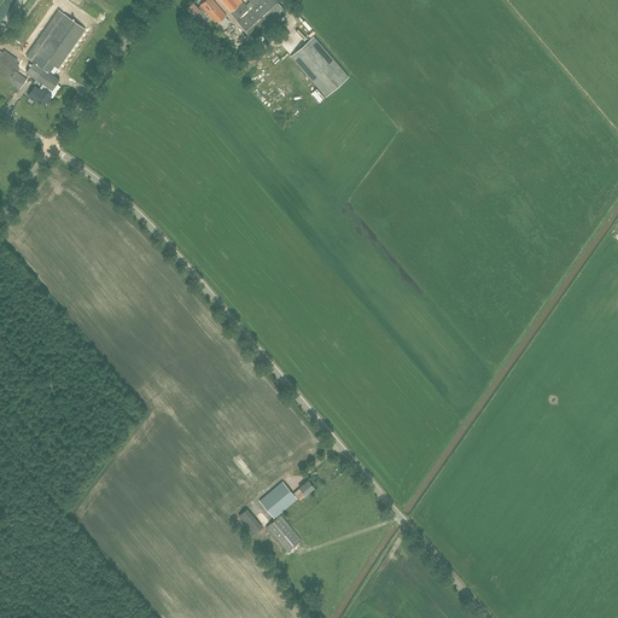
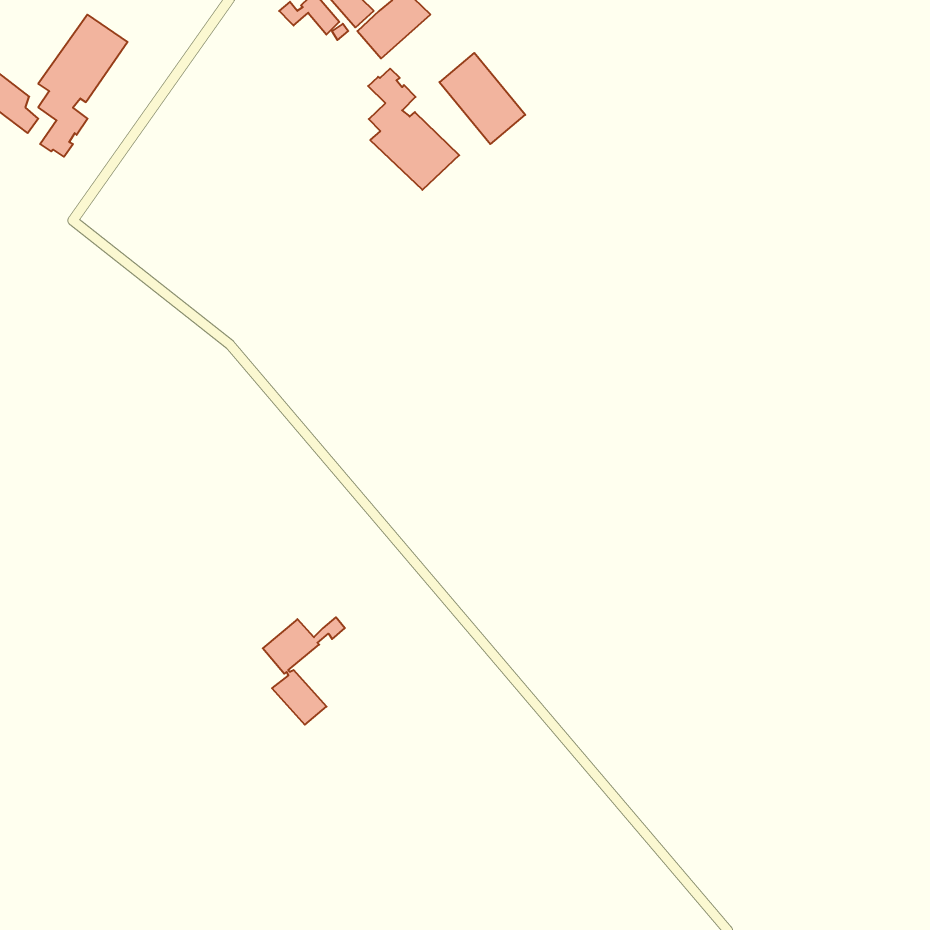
building: none -> [368,69,459,190]
building: [258,479,313,550] -> [263,617,345,725]

